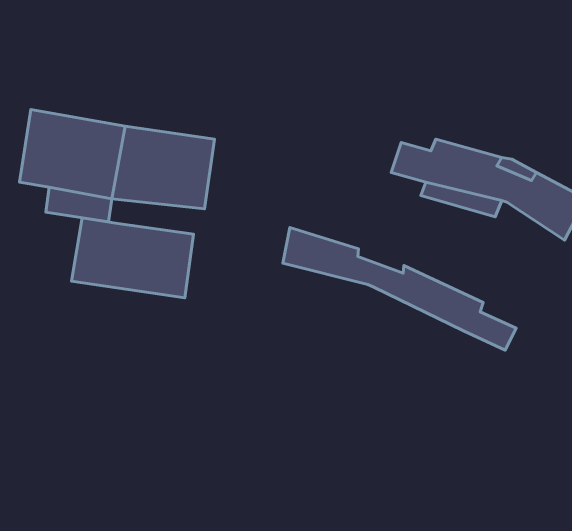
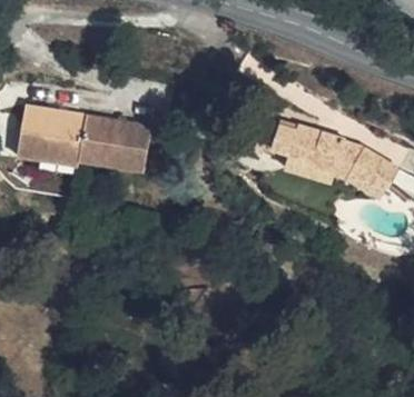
building: [71,218,194,298] -> none
building: [283,228,516,350] -> none

